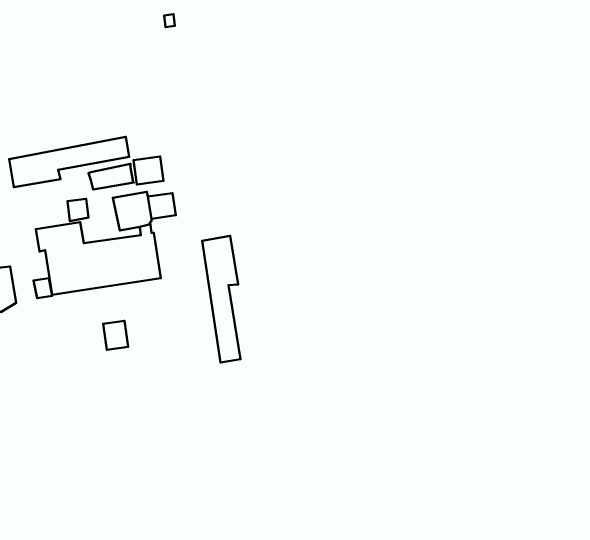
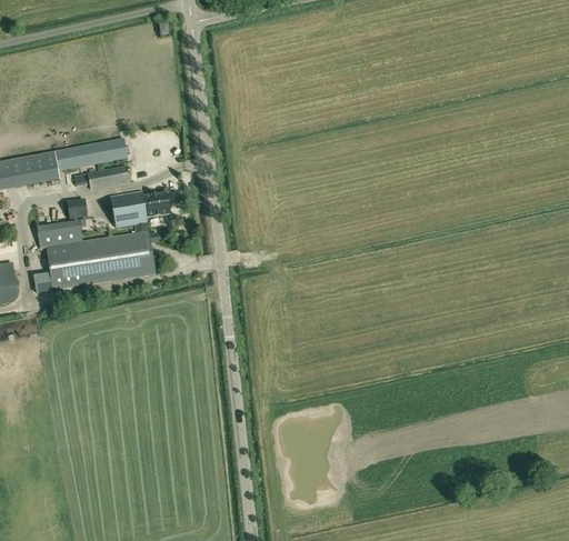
building: [133,157,164,184] -> none
building: [202,236,240,363] -> none
building: [103,321,128,350] -> none

